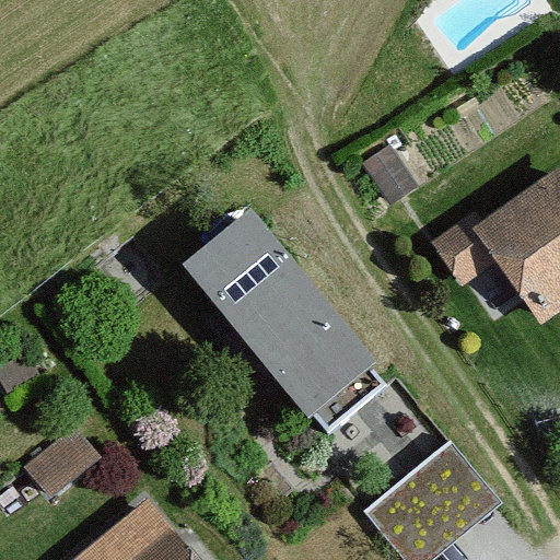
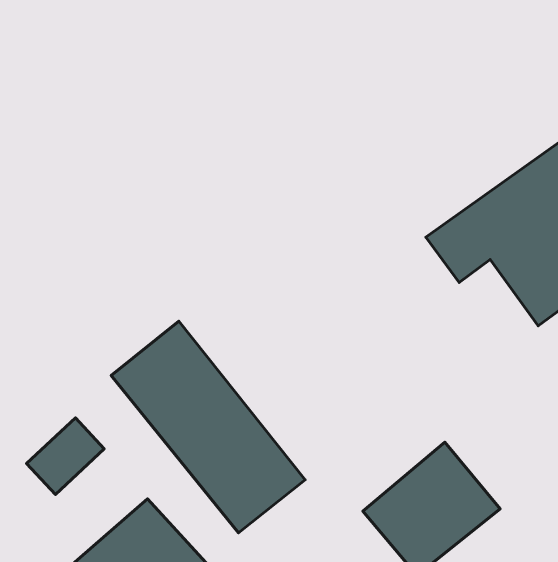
building: [184,212,375,421] -> [111,321,305,533]

